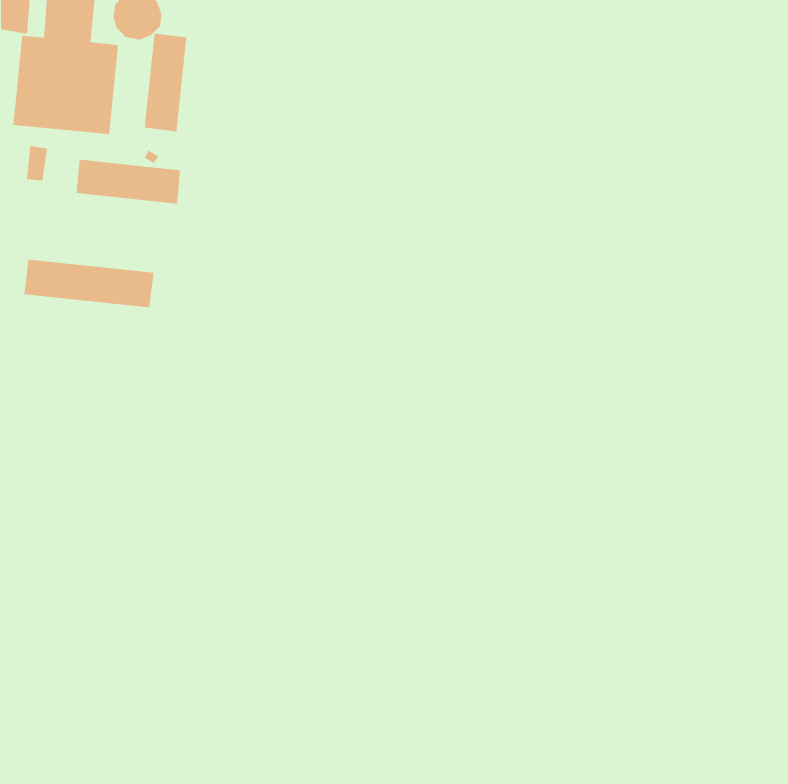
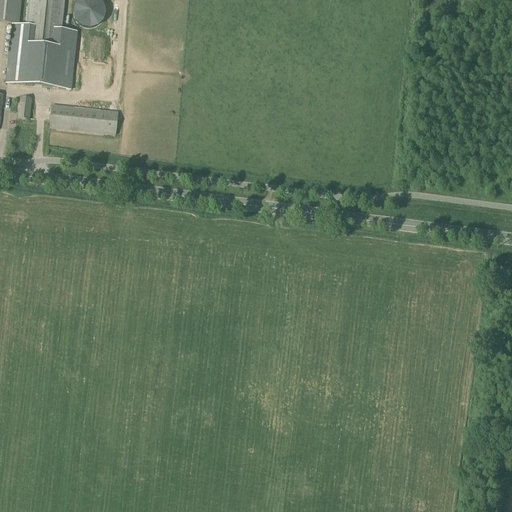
building: [144,33,187,132] -> none
building: [24,259,154,308] -> none

